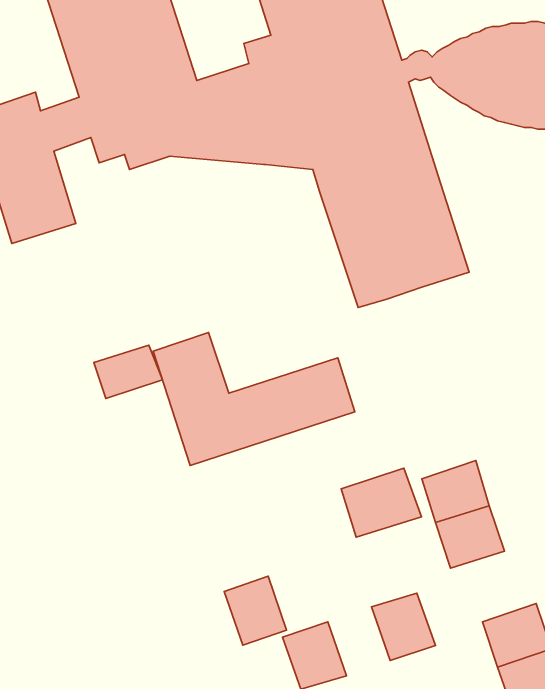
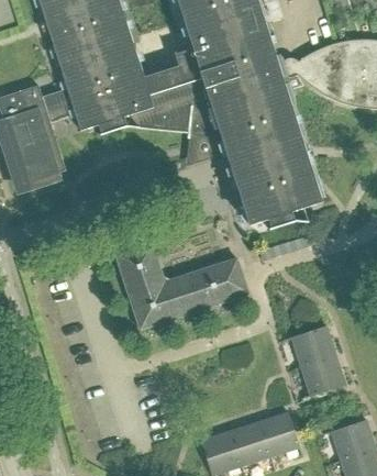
building: [94,345,162,398] -> none
building: [341,468,422,537] -> none
building: [224,576,286,645] -> [230,421,270,466]

